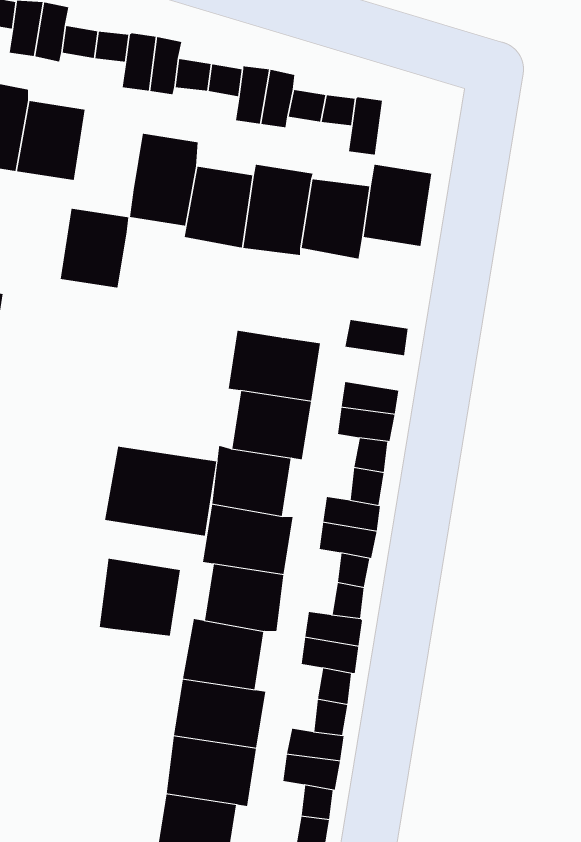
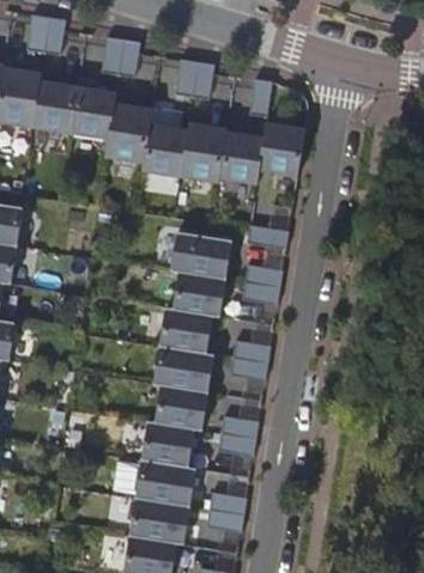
building: [60,208,129,288] -> [69,86,115,139]
building: [104,446,217,536] -> none
building: [99,558,180,637] -> none

